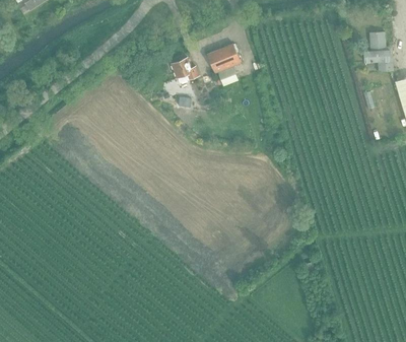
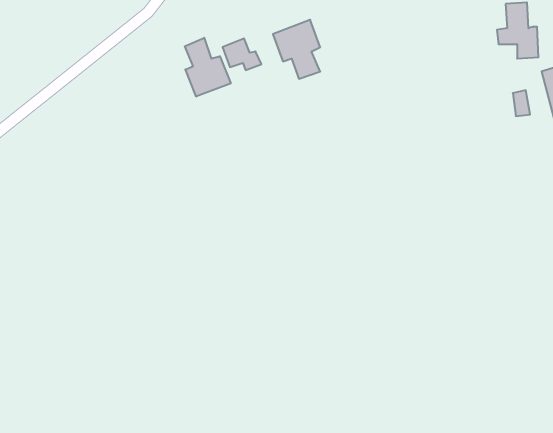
building: none -> [185,38,231,97]

